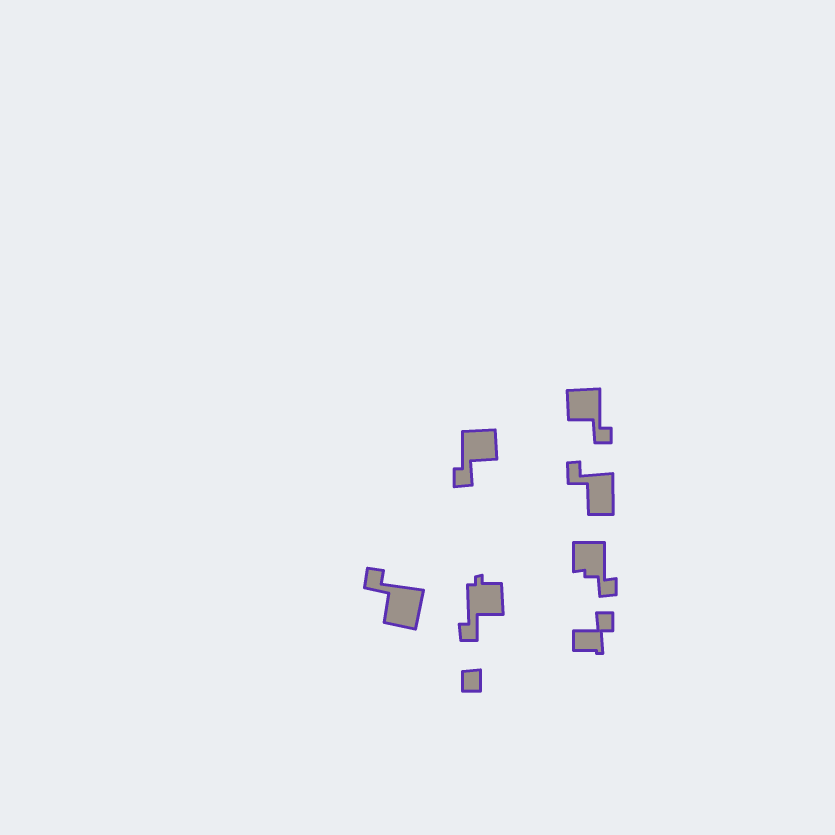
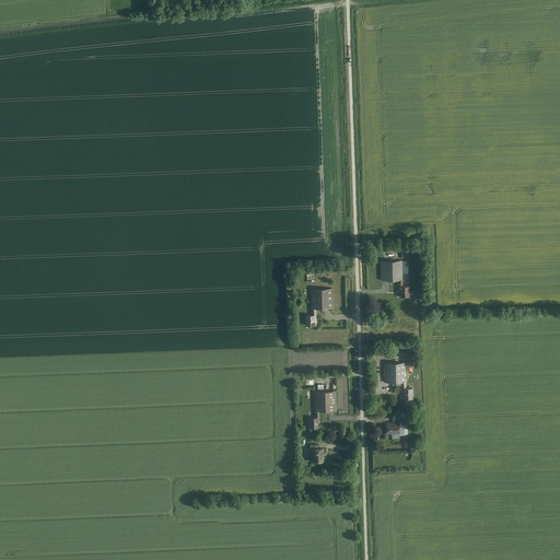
building: [567,462,613,515] -> none
building: [365,568,423,629] -> none

